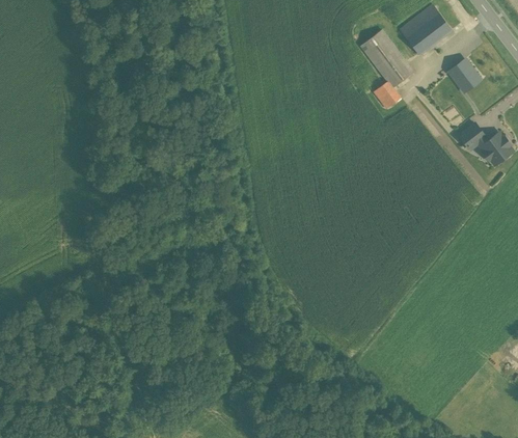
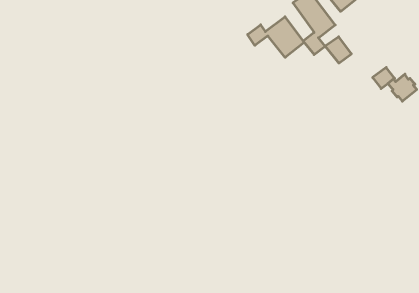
building: [447,59,480,91] -> [325,37,351,63]
building: none -> [248,17,304,57]

